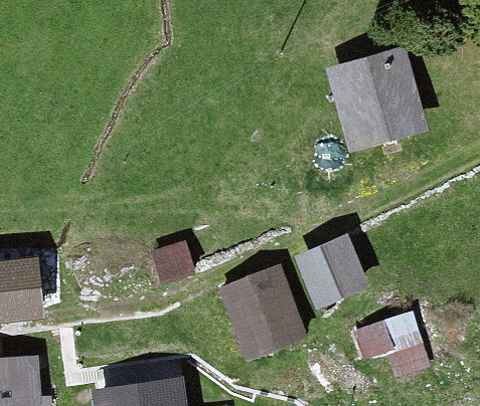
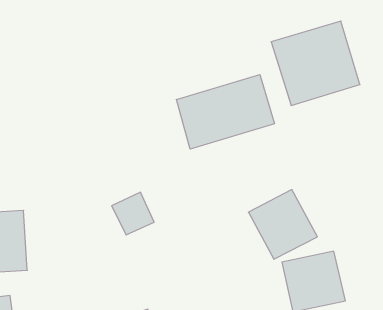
building: none -> [176,75,275,149]
building: [236,261,326,362] -> none

